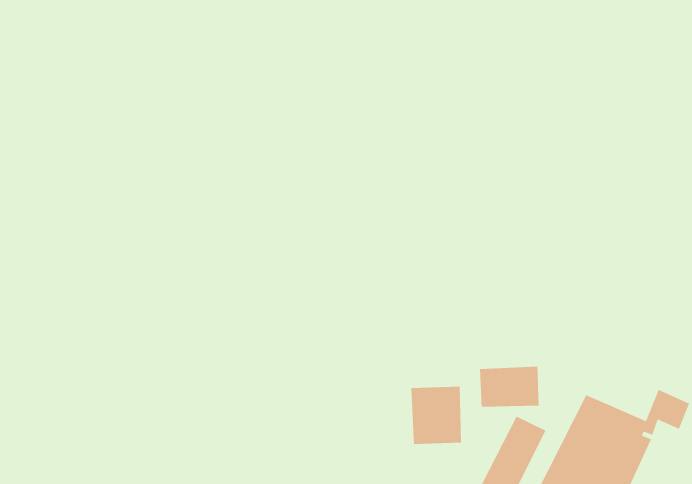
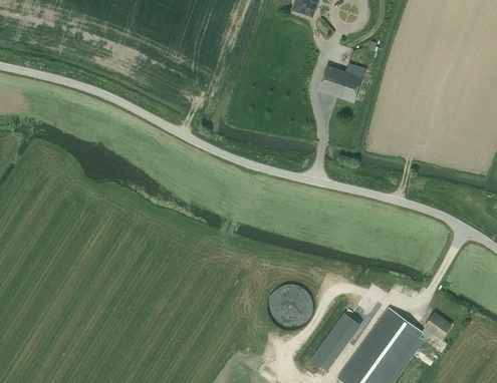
building: none -> [317,66,360,102]
building: [479,366,539,408] -> none

